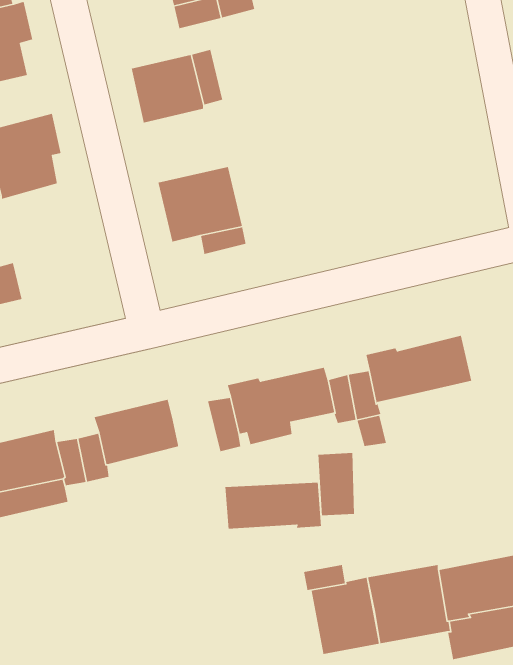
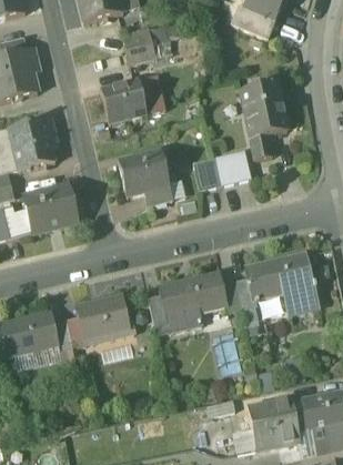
building: none -> [240,81,287,160]
building: none -> [193,150,251,190]
building: none -> [23,184,77,233]
building: none -> [284,284,319,312]
building: [225,482,322,530] -> none

